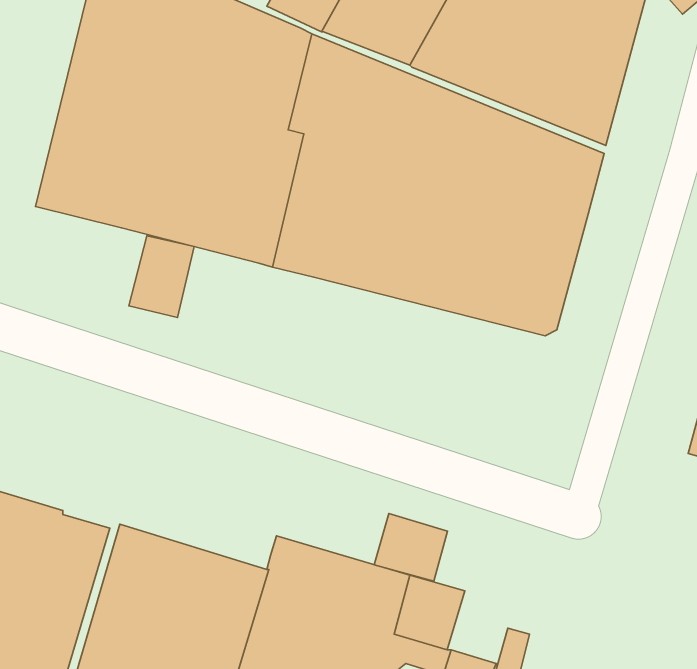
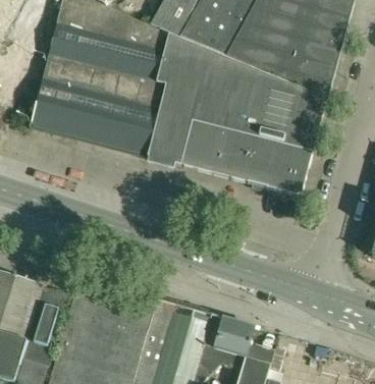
building: [129,236,194,318] -> none
building: [374,513,448,581] -> none

